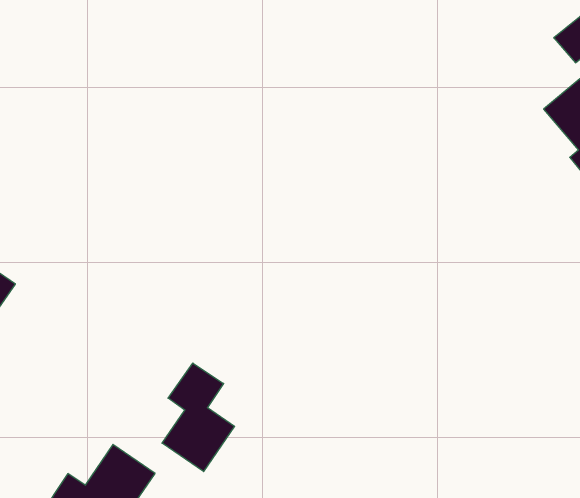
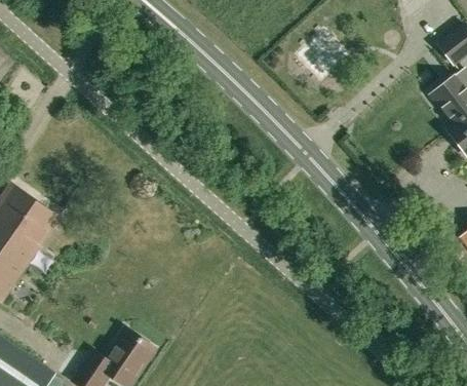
building: [162,363,235,472] -> none

